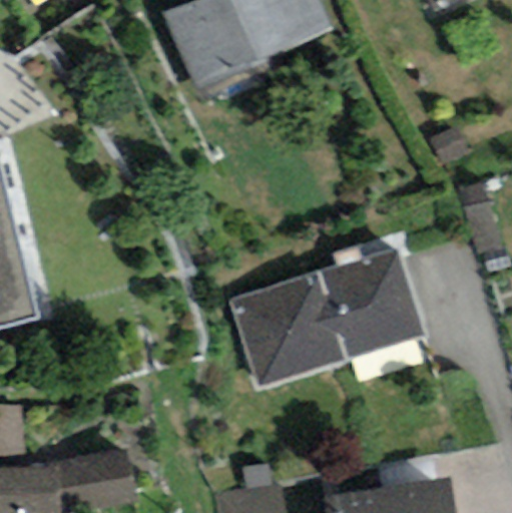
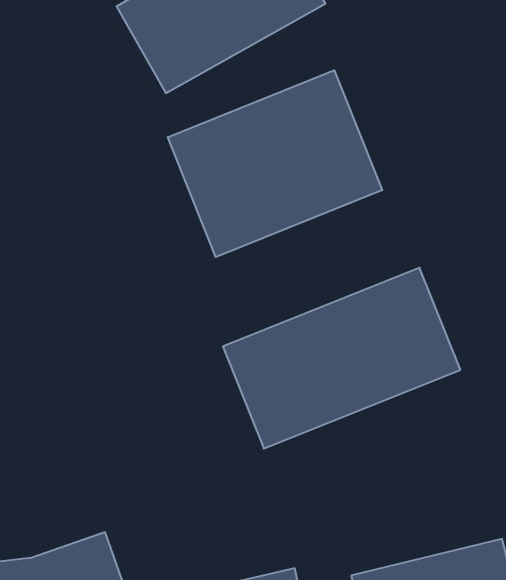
building: none -> [168,70,382,257]

